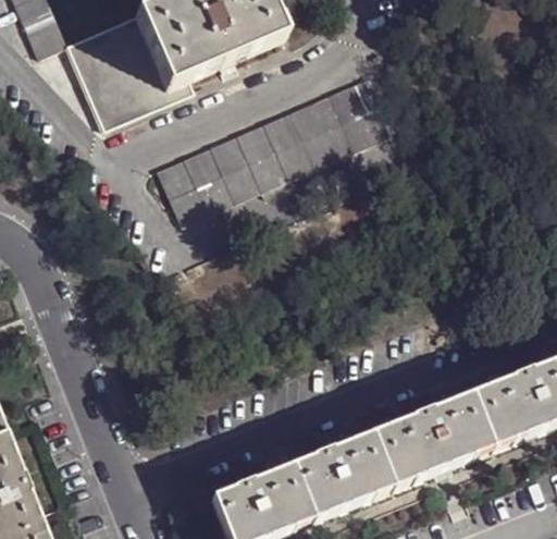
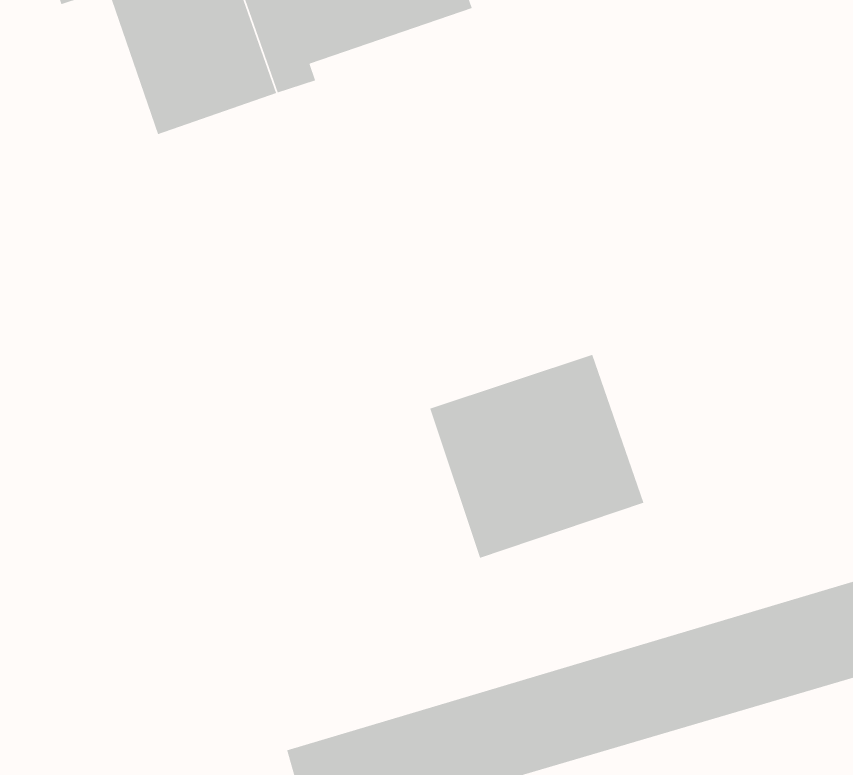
building: [158,74,395,221] -> none
building: none -> [429,354,645,559]

